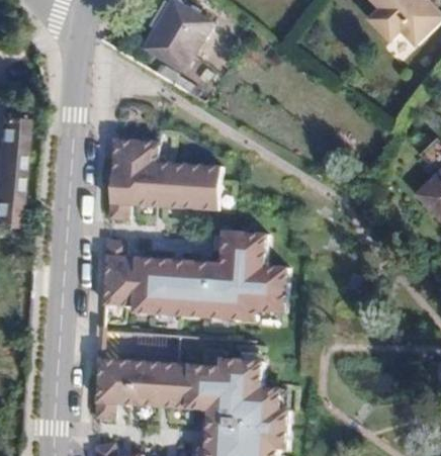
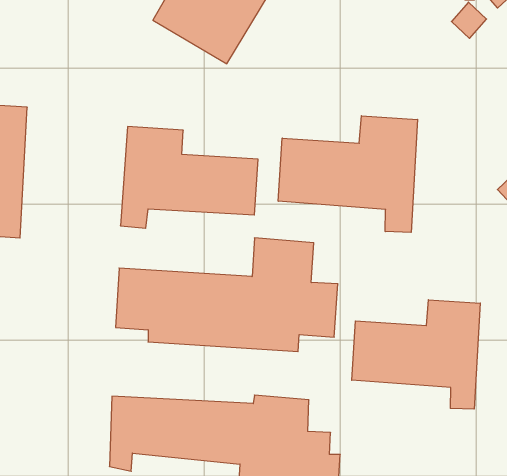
building: none -> [278,116,418,232]
building: none -> [352,300,480,409]

